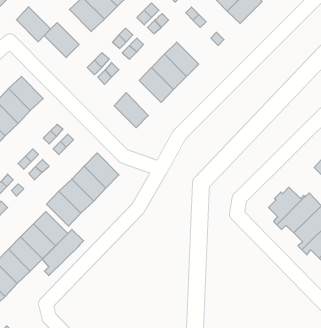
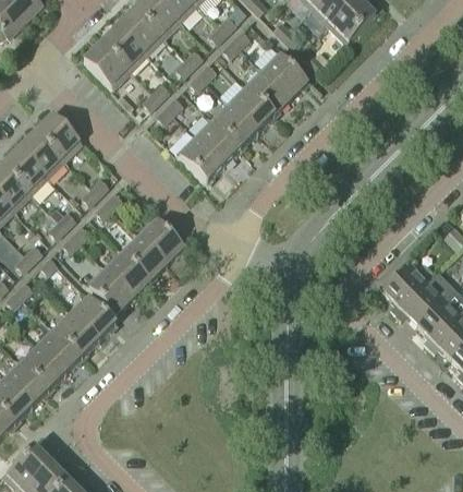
building: [16,7,51,42] -> [101,24,147,71]
building: none -> [261,50,308,97]
building: none -> [194,119,241,166]
building: [42,229,84,276] -> none

